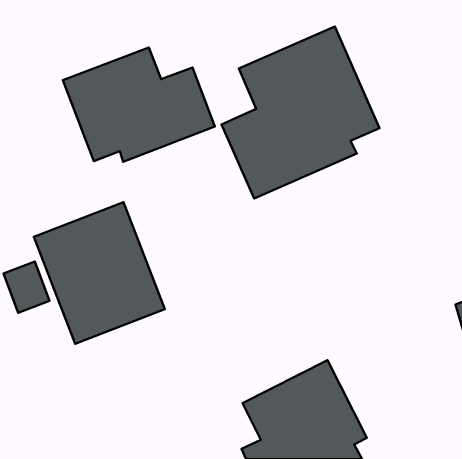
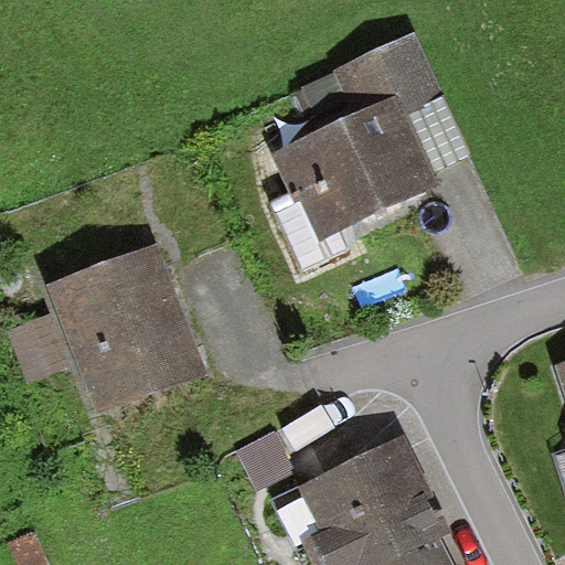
building: [63,47,215,162] -> none

